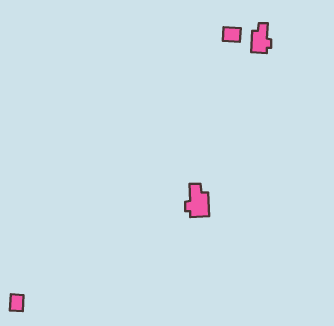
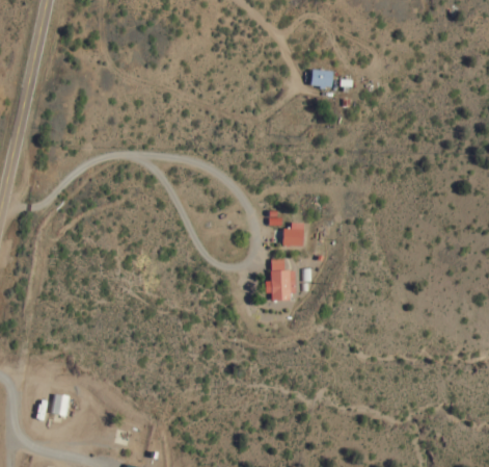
building: [251,23,271,53] -> none
building: none -> [283,222,304,245]

